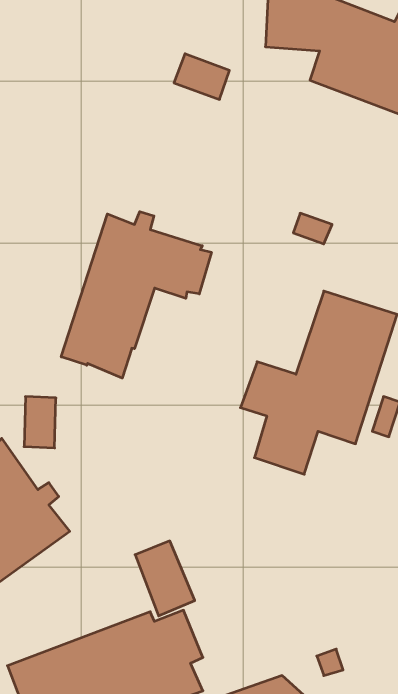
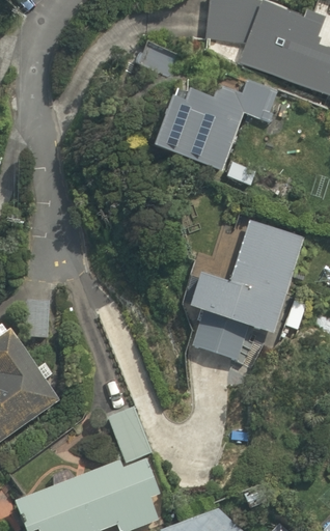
building: none -> [152,80,278,172]
building: [61,212,211,378] -> none

